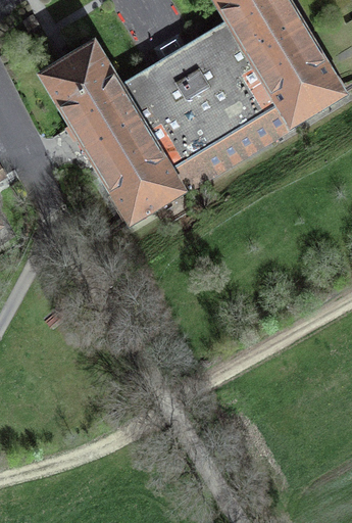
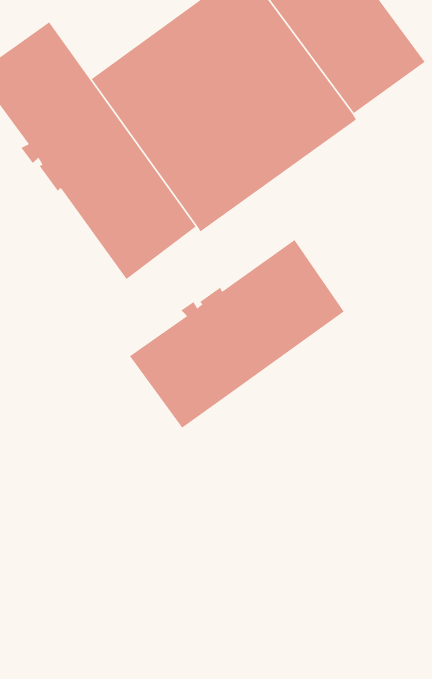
building: none -> [129,239,344,429]

